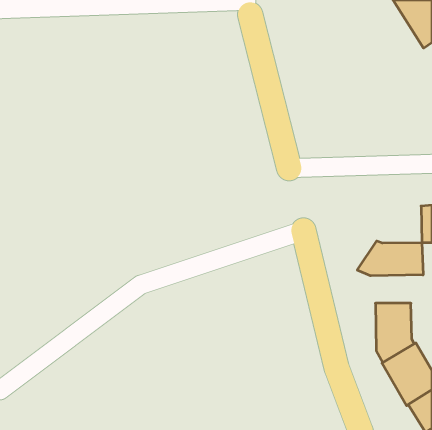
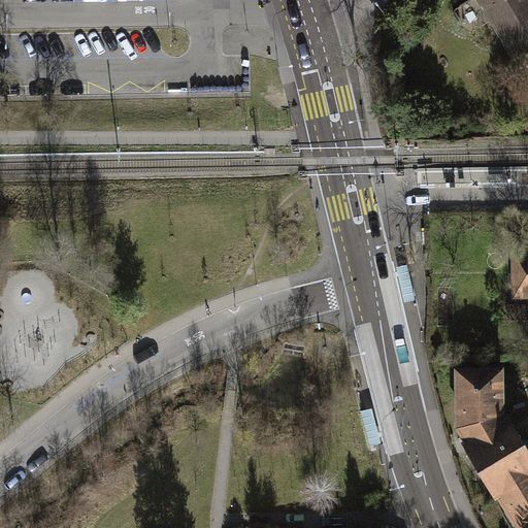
building: [357,241,423,276] -> none

